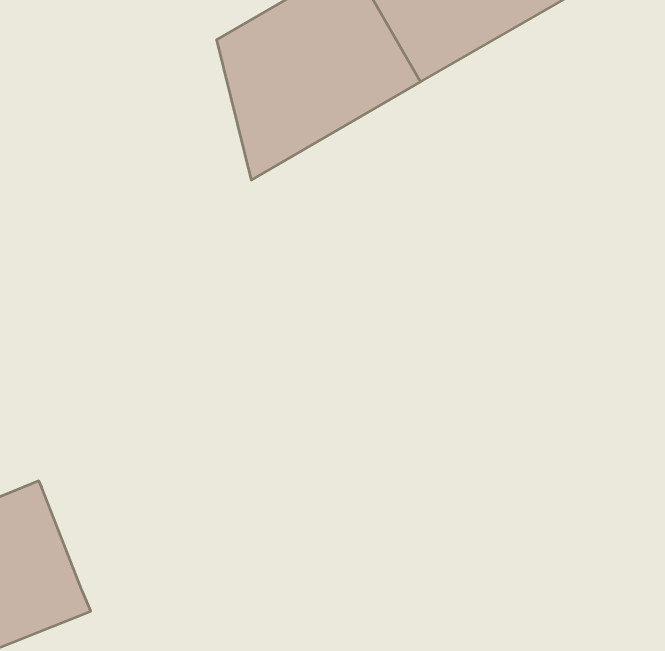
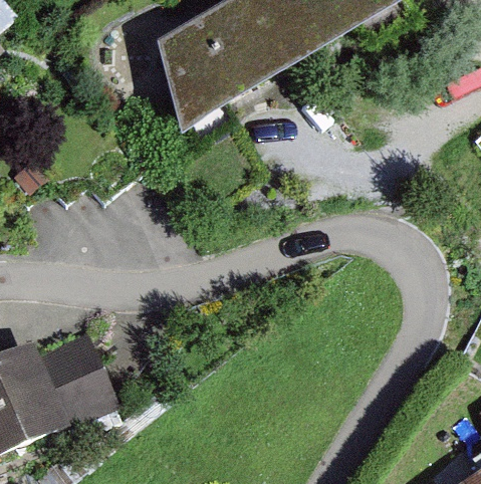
building: none -> [33,328,115,422]

